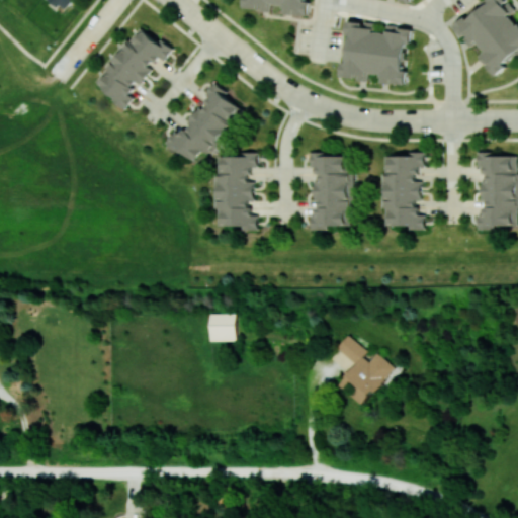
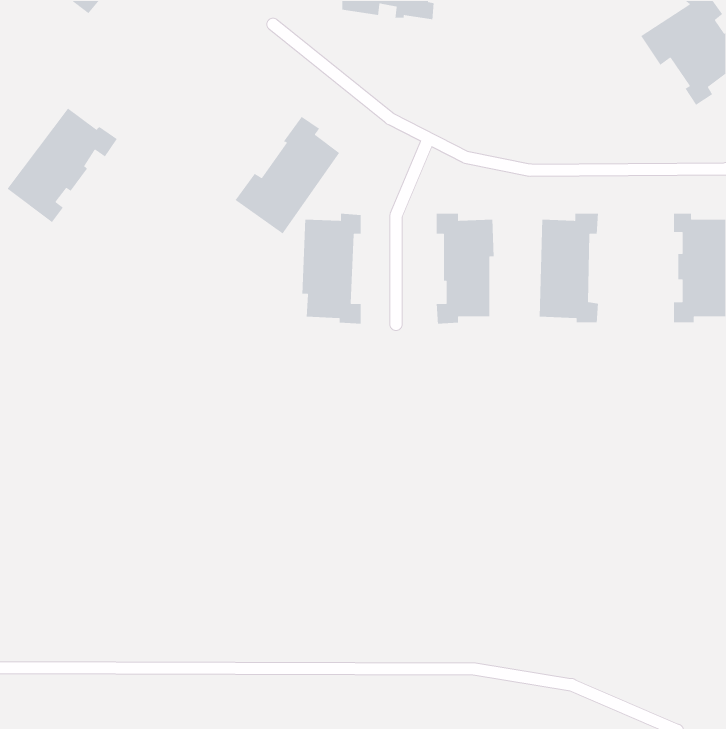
building: [339,21,410,85] -> none
building: [93,26,172,108] -> [7,108,118,223]
building: [208,314,235,341] -> none
building: [336,337,393,406] -> none

